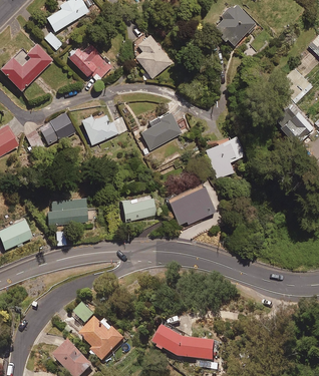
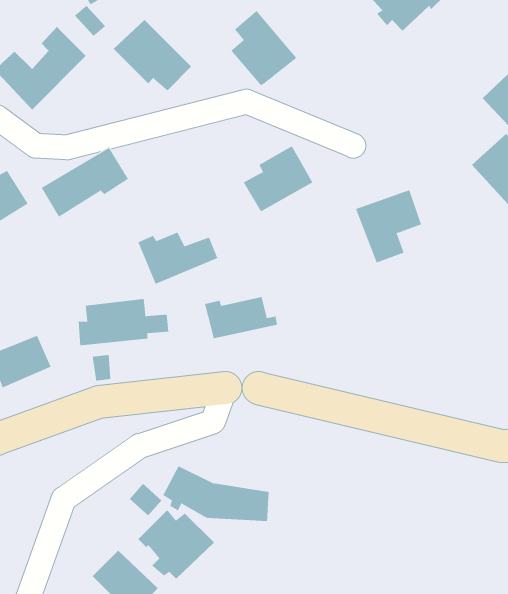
building: [81,114,127,144] -> [138,232,218,284]
building: [168,186,216,226] -> none
building: [153,328,215,360] -> [162,465,269,522]

